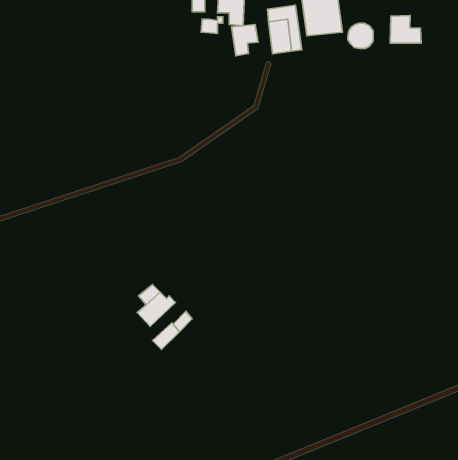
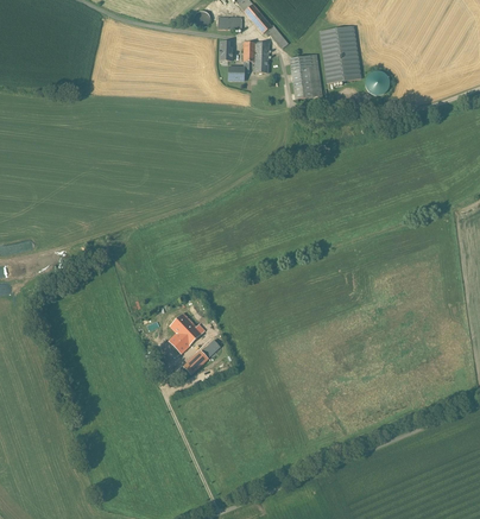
building: [390,16,421,43] -> none
building: [232,24,258,56] -> none

